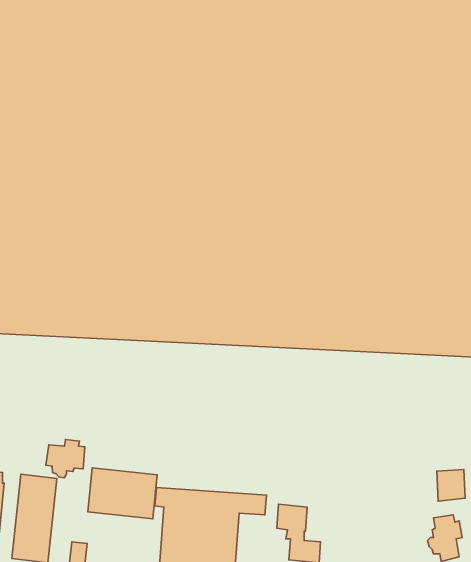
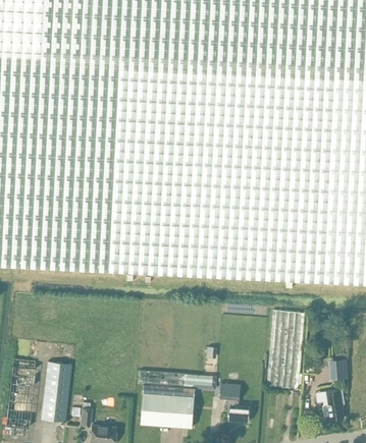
building: none -> [267,310,305,389]
building: [46,439,85,478] -> none
building: [88,468,157,519] -> none

